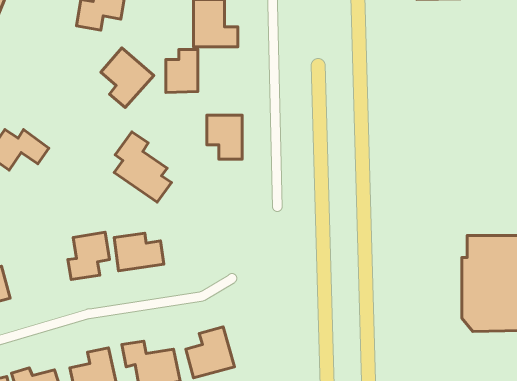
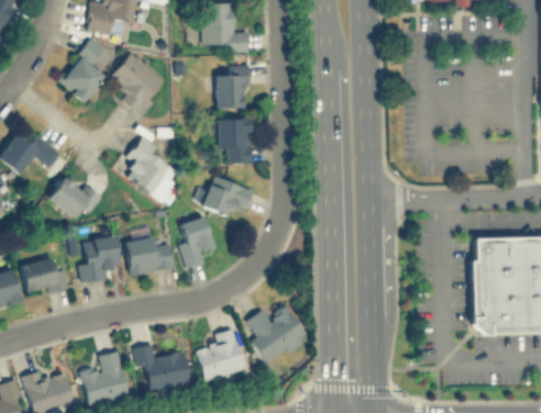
building: none -> [59,38,106,101]
building: [166,50,198,93] -> [217,65,249,108]
building: none -> [49,172,102,215]
building: none -> [202,175,253,216]
building: none -> [179,215,214,267]
building: none -> [21,258,68,294]
building: none -> [247,305,310,364]

